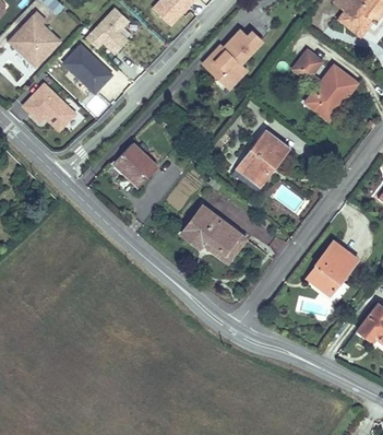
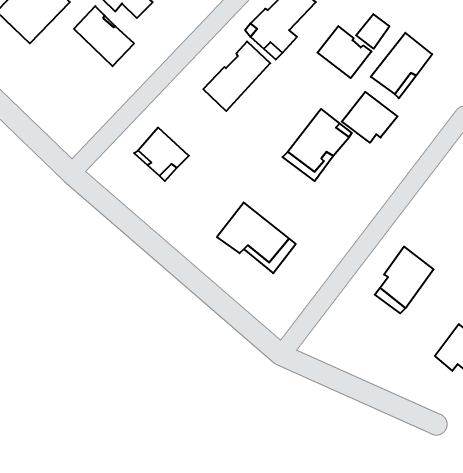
building: none -> [317,26,372,78]
building: none -> [203,41,270,111]
building: [23,83,75,130] -> none
building: none -> [342,92,398,143]

